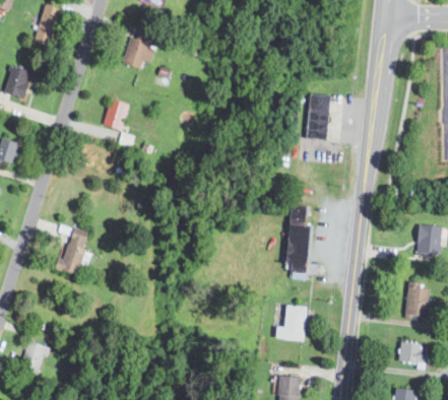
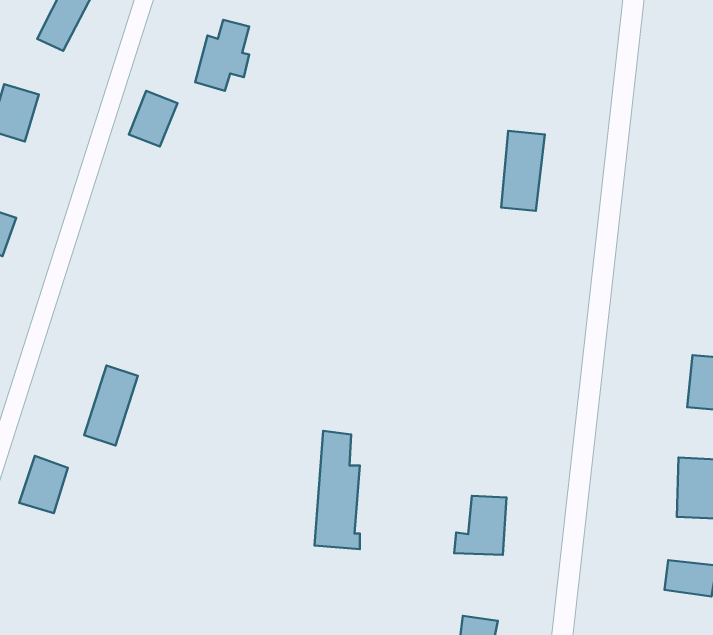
building: [102,97,130,130] -> [129,91,177,147]
building: [285,204,312,273] -> [315,431,360,549]
building: [19,340,48,374] -> [19,456,68,513]

